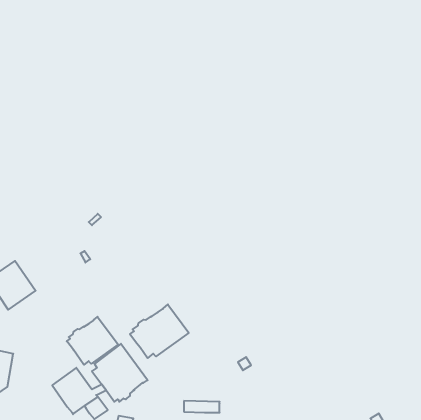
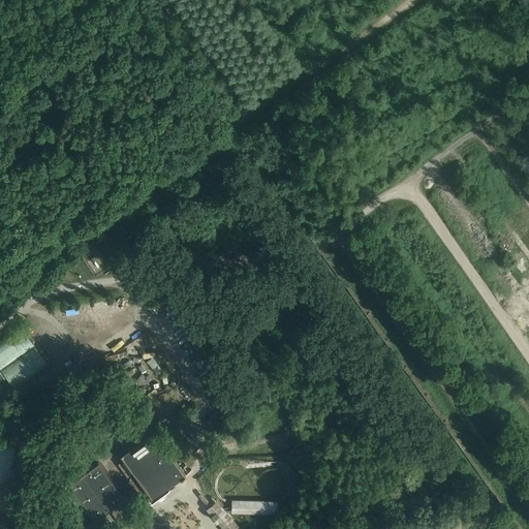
building: [130,304,189,358] -> none
building: [67,317,118,365] -> none

